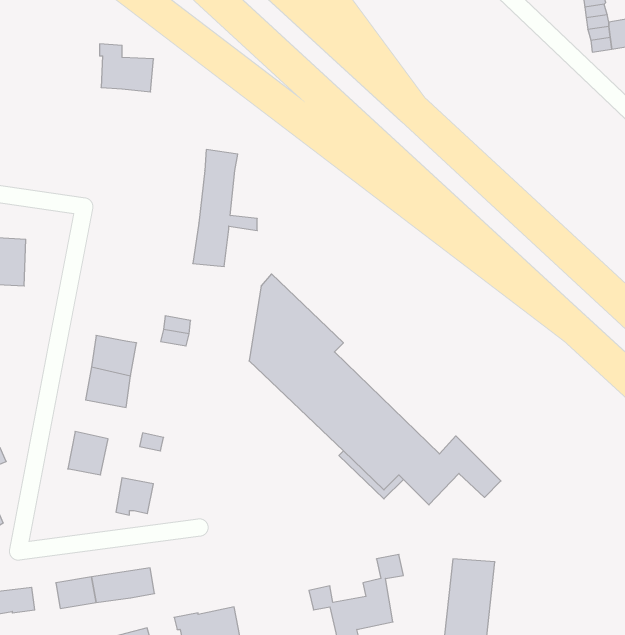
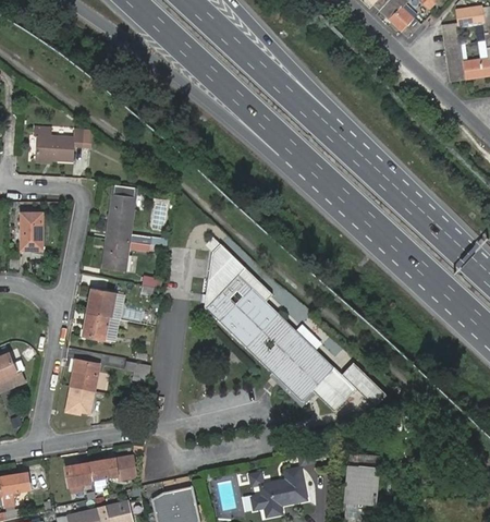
building: [100,44,154,92] -> [34,126,73,161]
building: [193,150,257,266] -> [101,186,148,271]
building: [116,478,153,515] -> [68,386,95,413]

